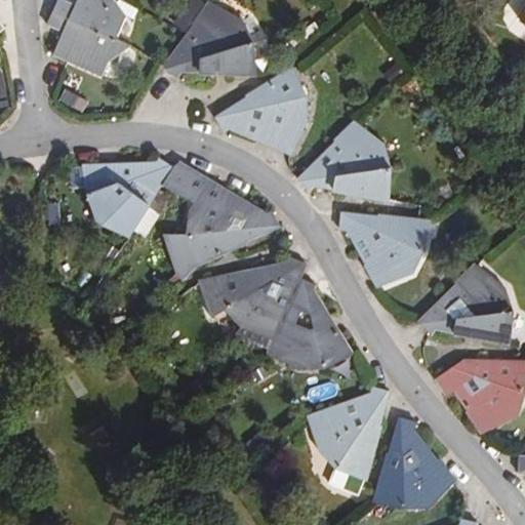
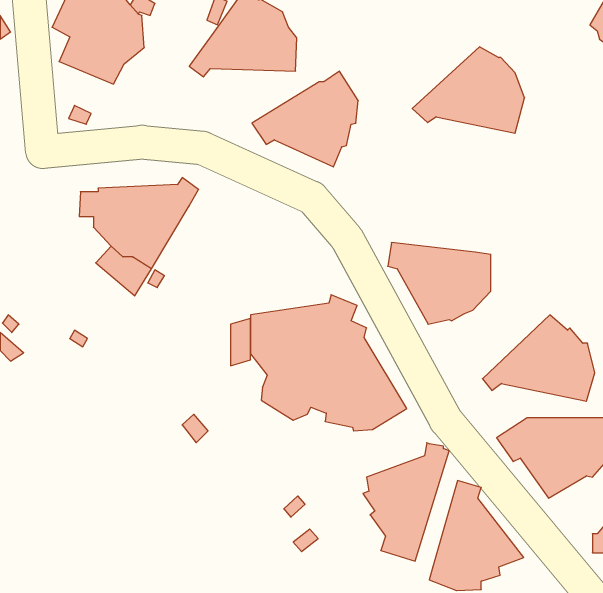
building: [297,129,395,204] -> [412,47,525,133]
building: [165,163,284,280] -> none

